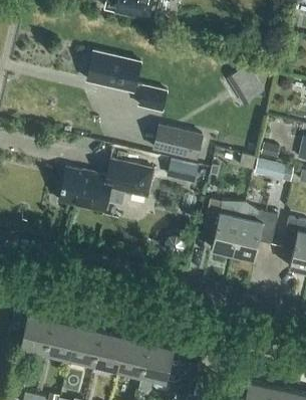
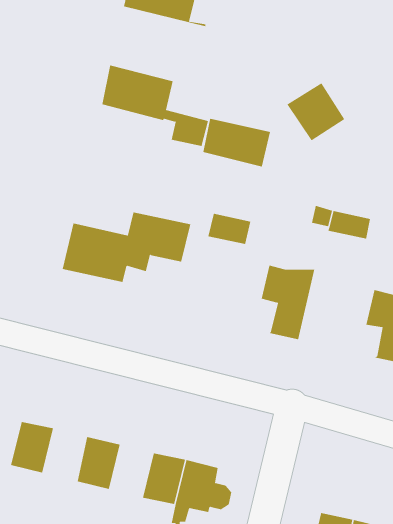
building: [152,125,203,161] -> [203,118,271,167]
building: [233,202,278,259] -> none
building: [44,320,76,359] -> none
building: [93,332,125,371] -> none

